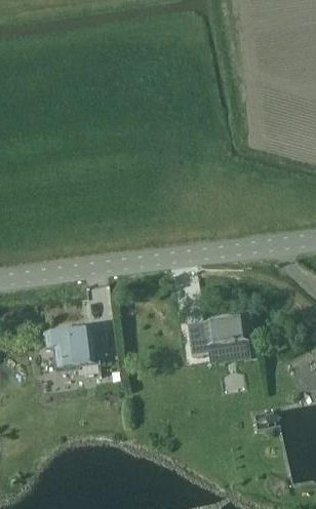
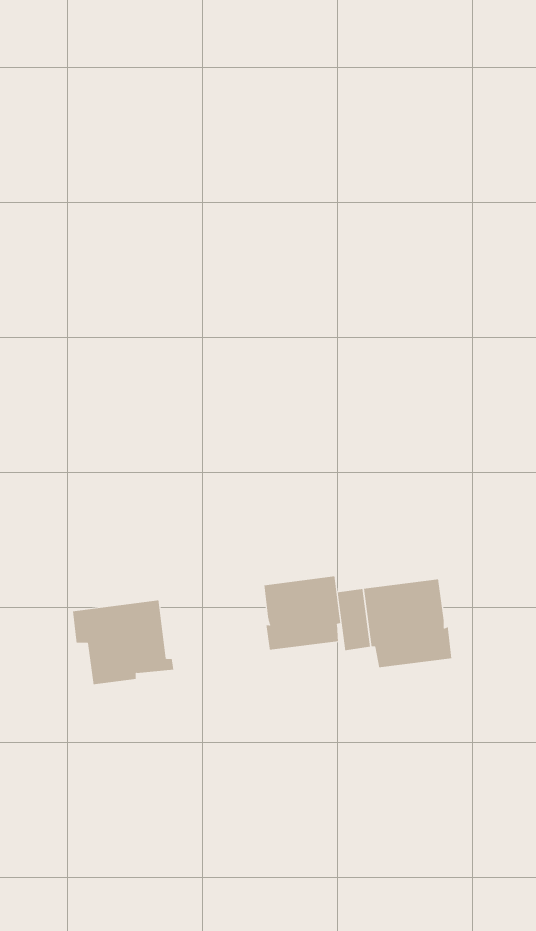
building: none -> [264,576,341,651]

